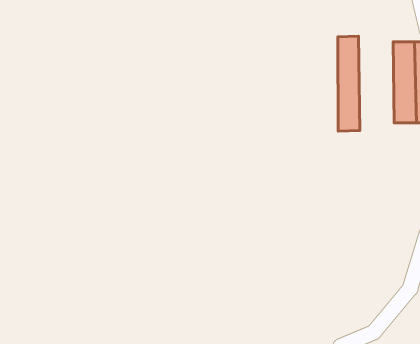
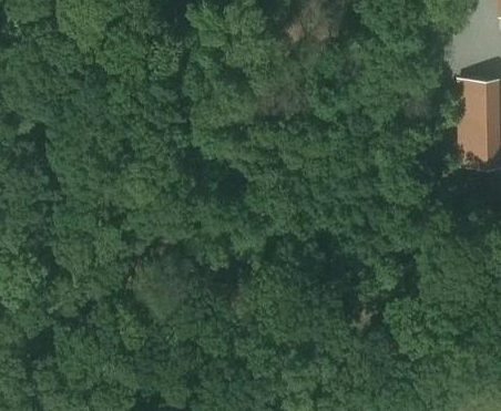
building: [338,36,360,131] -> none

